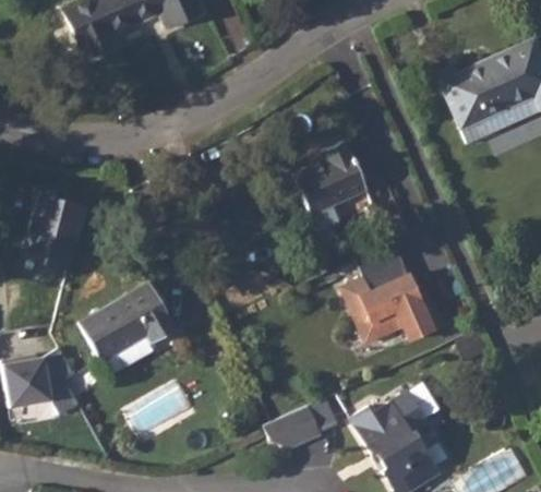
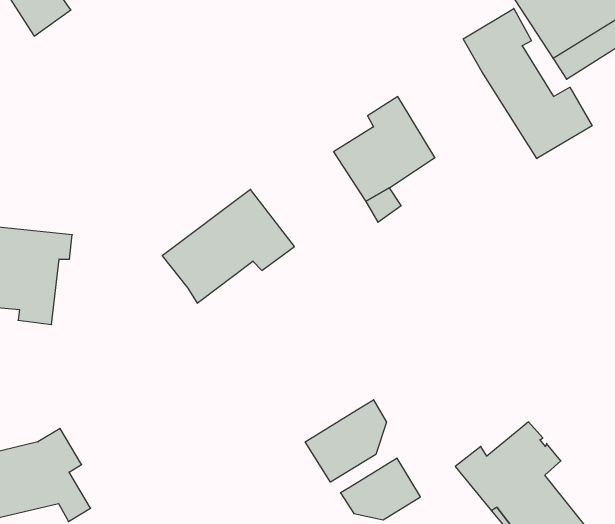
building: none -> [463,8,592,159]
building: [342,242,443,343] -> none
building: [80,284,177,361] -> [162,189,294,303]
building: none -> [305,400,387,482]

